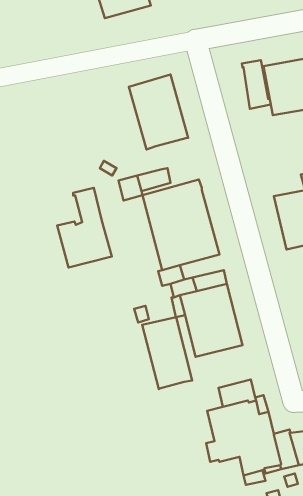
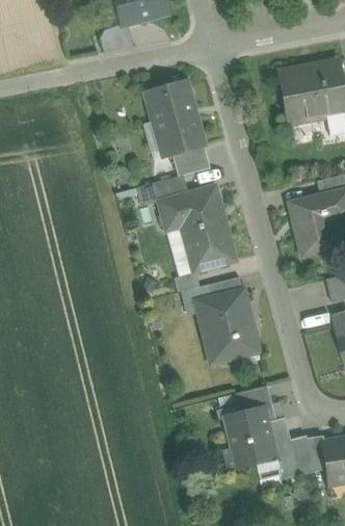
building: [242,60,271,109] -> none
building: none -> [171,143,210,175]
building: [57,188,112,268] -> none
building: [142,317,192,389] -> none

